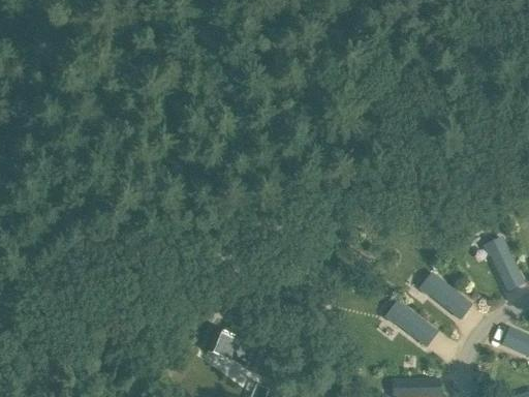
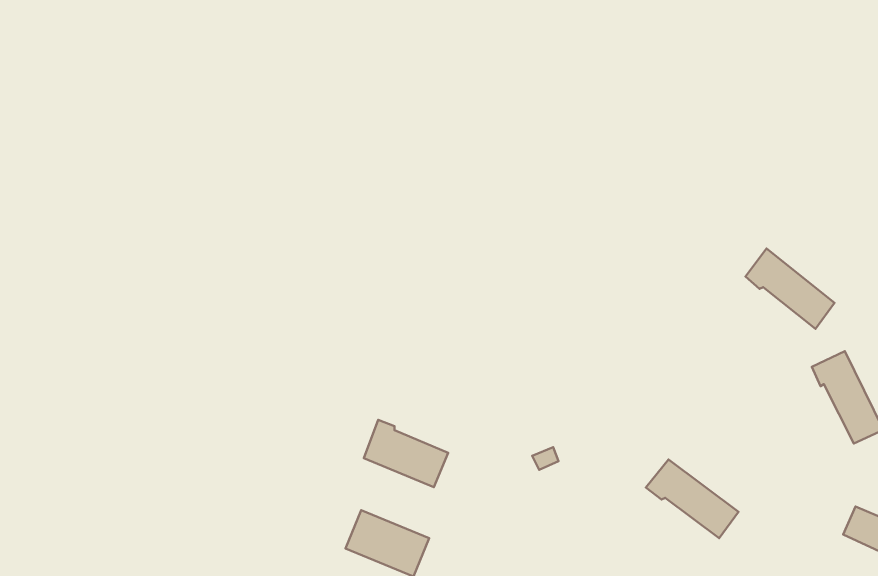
building: [419,272,472,319] -> [746,249,835,329]
building: none -> [364,420,448,487]

